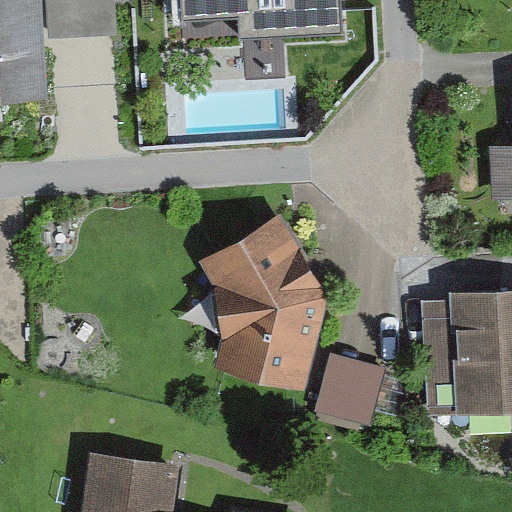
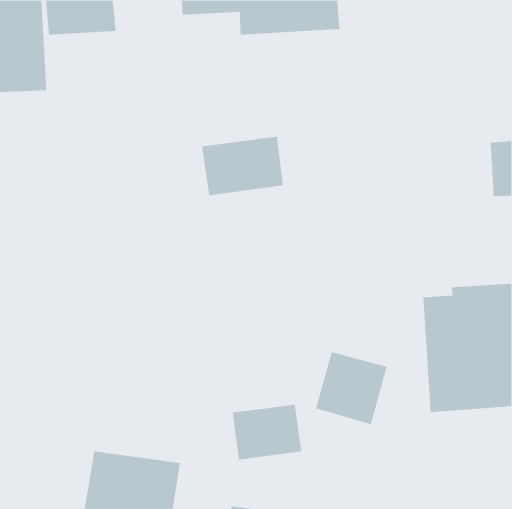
building: none -> [201,136,284,196]
building: [199,213,328,390] -> none
building: none -> [232,404,302,460]

